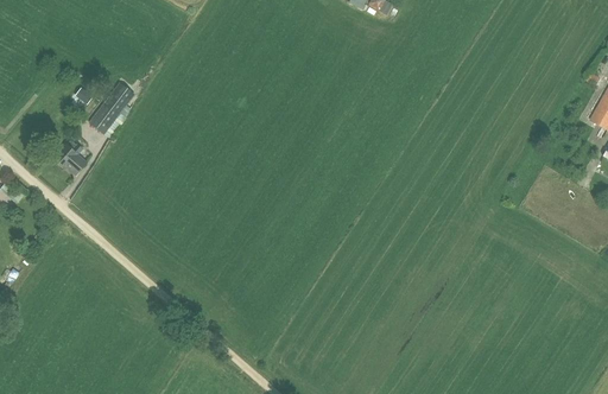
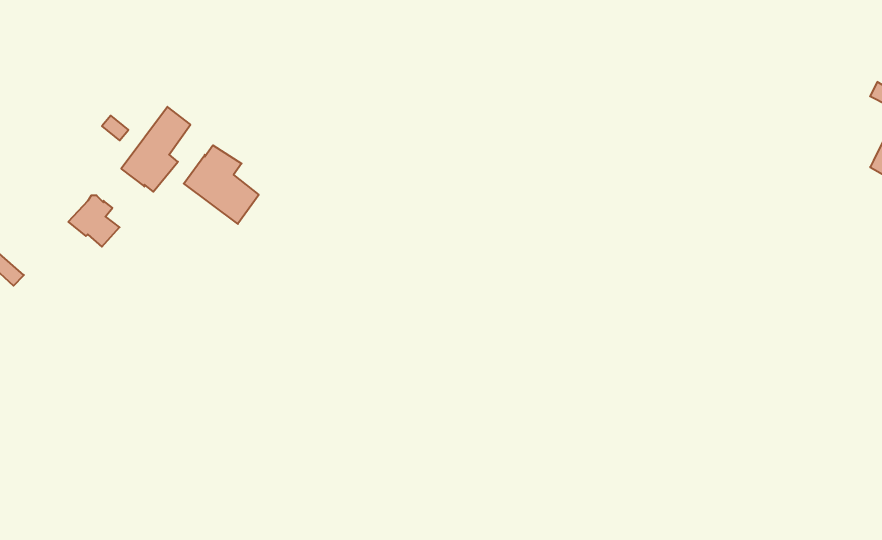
building: none -> [184,145,259,224]

